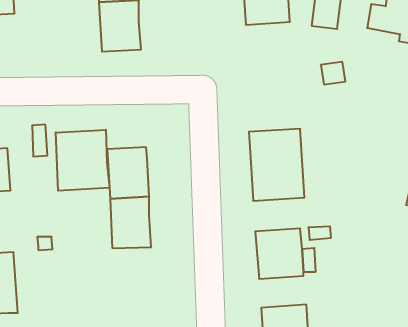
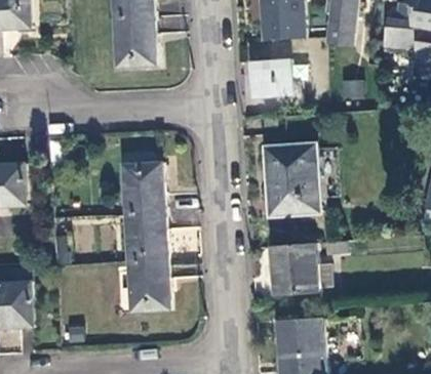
building: none -> [249,58,291,97]
building: [56,130,110,191] -> none
building: none -> [127,261,169,313]

